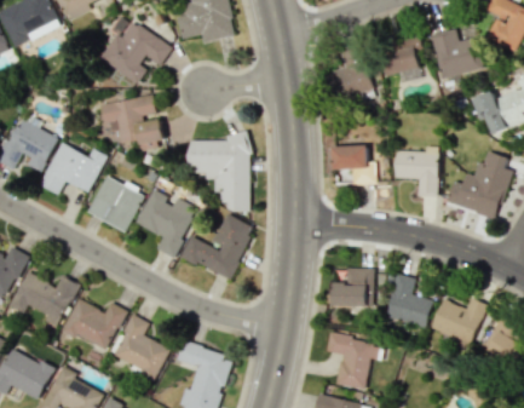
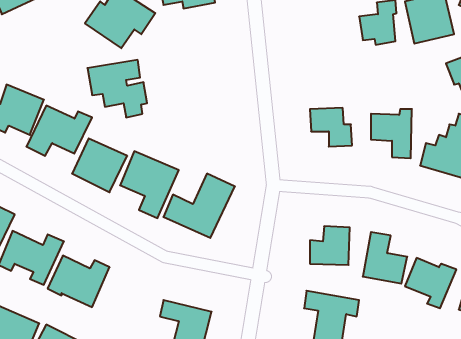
building: [328,46,374,100] -> none
building: [189,133,249,209] -> none
building: [110,314,171,379] -> none

